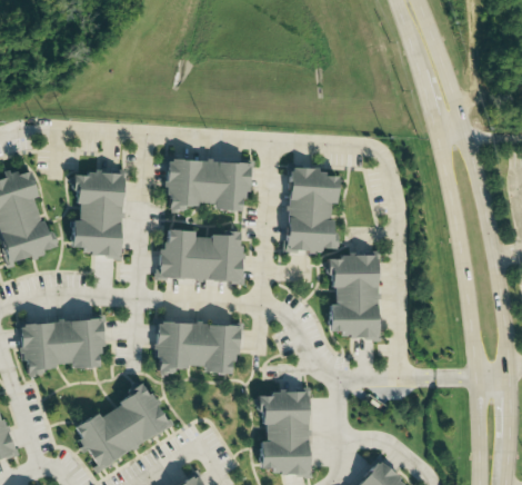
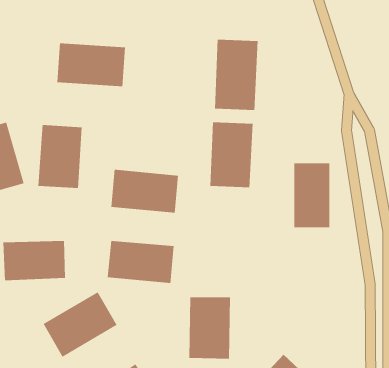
building: none -> [215,39,258,111]
building: [164,158,252,214] -> [56,43,126,87]
building: [330,258,377,340] -> [293,163,330,228]

